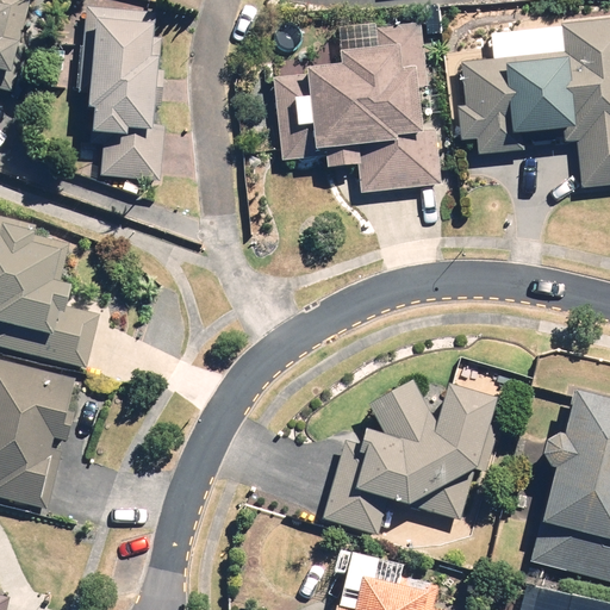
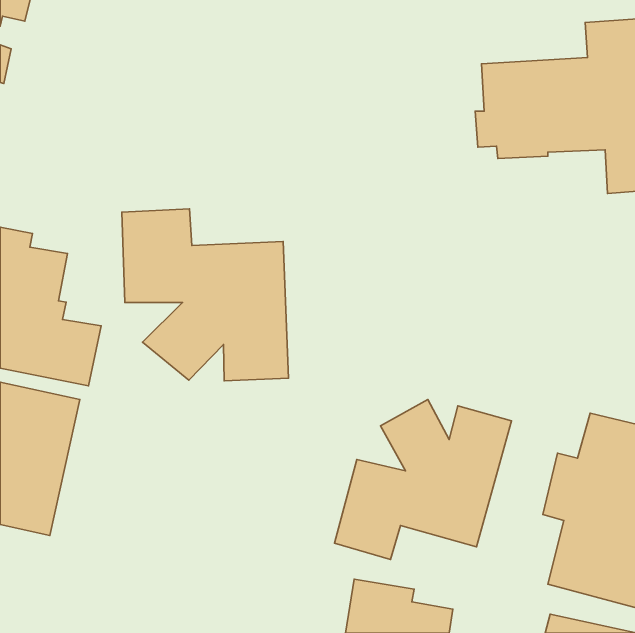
building: [81,7,164,180] -> none
building: [279,19,440,189] -> none
building: none -> [122,209,289,381]

